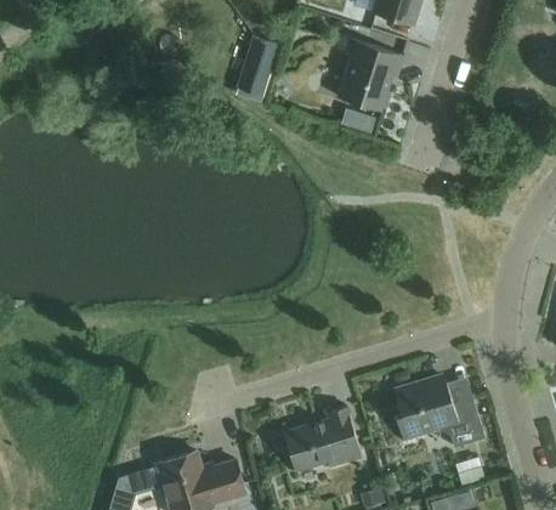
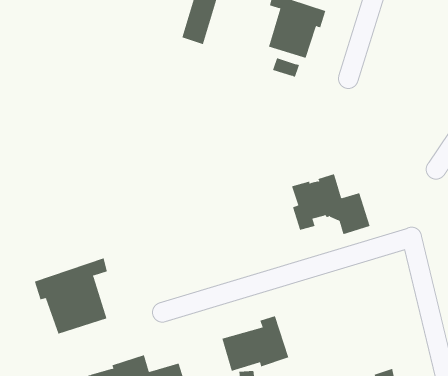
building: none -> [34,258,107,335]
building: [395,378,486,448] -> [291,173,370,235]

